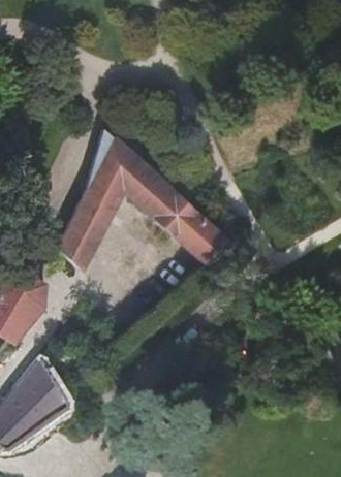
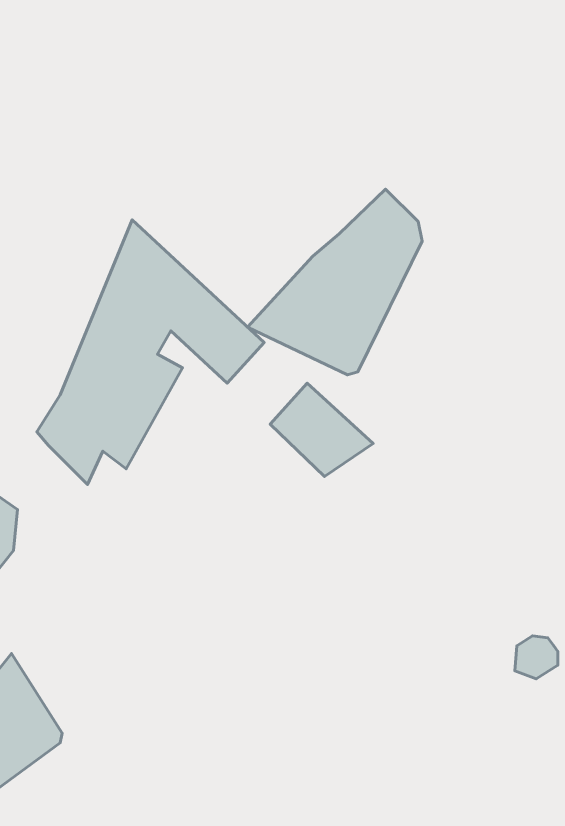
building: none -> [248,189,422,375]
building: [157,195,199,239] -> none

